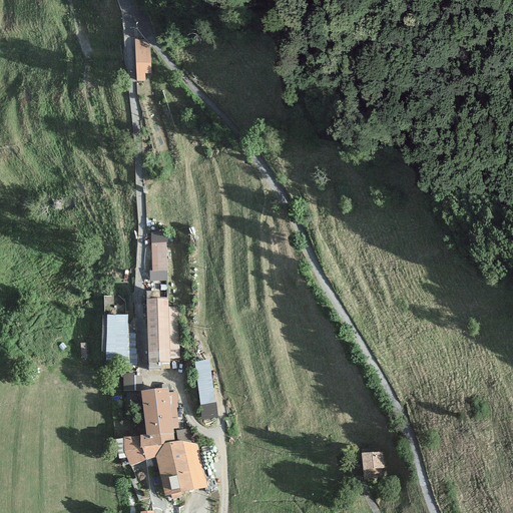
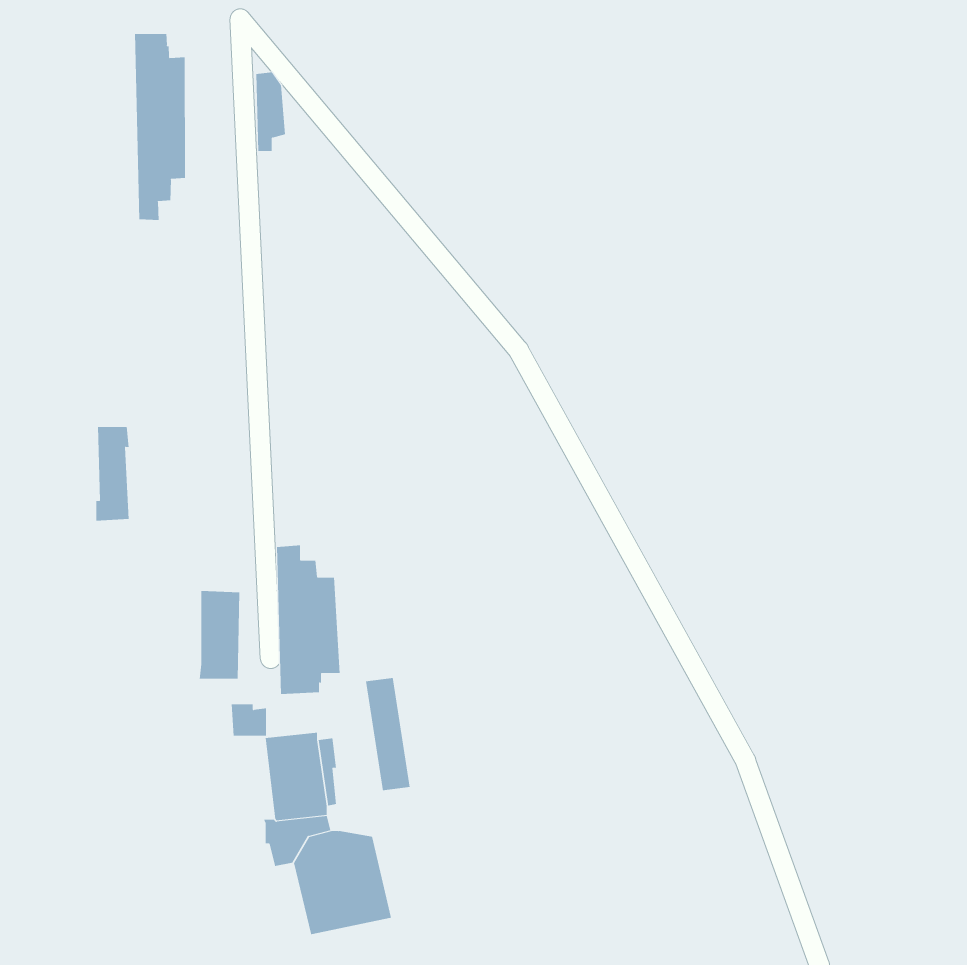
building: none -> [134,33,185,221]
building: [149,230,167,281] -> [95,427,129,521]
building: [123,436,145,465] -> none
building: [361,450,385,480] -> none

